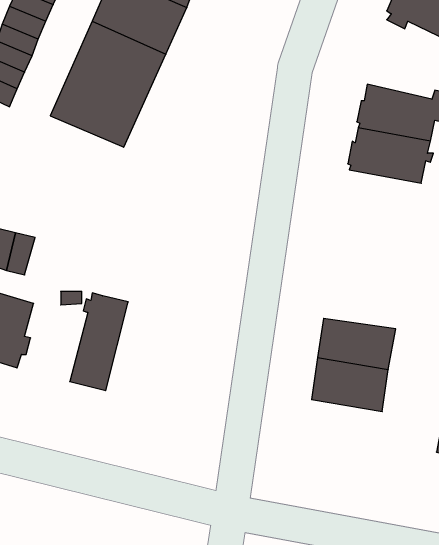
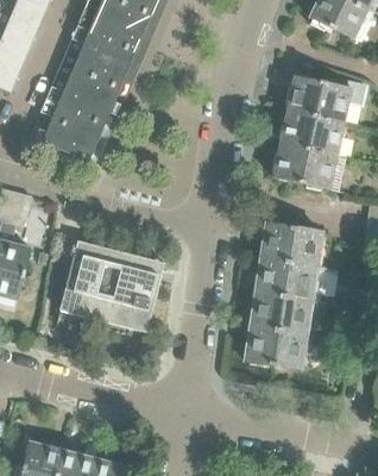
building: none -> [38,99,101,159]
building: none -> [271,142,345,190]
building: none -> [259,223,321,268]
building: none -> [87,246,164,332]
building: none -> [244,324,305,368]

